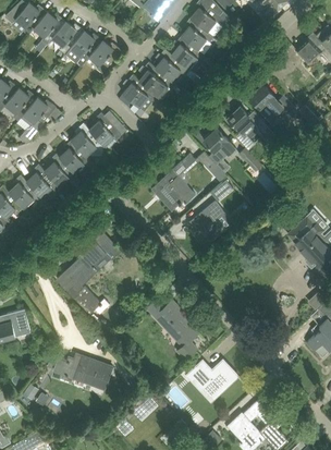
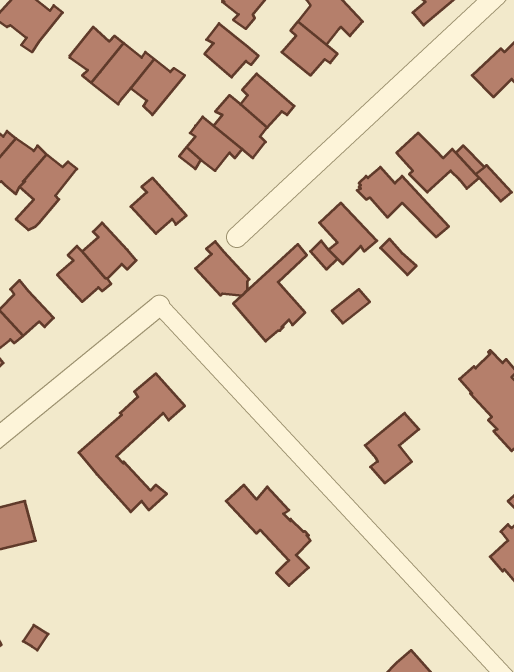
building: [33,12,65,46] -> none
building: [171,36,204,69] -> [205,23,258,77]
building: [71,123,103,156] -> [195,241,249,295]
building: [26,163,59,197] -> none
building: [189,202,222,244] -> [365,413,419,483]
building: [47,354,112,389] -> none
building: [185,358,236,396] -> none

